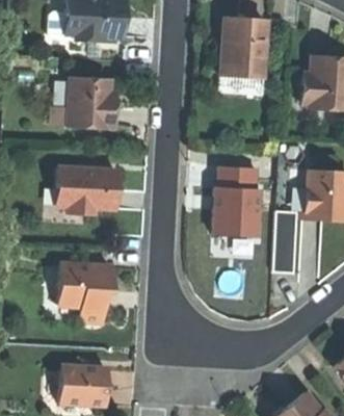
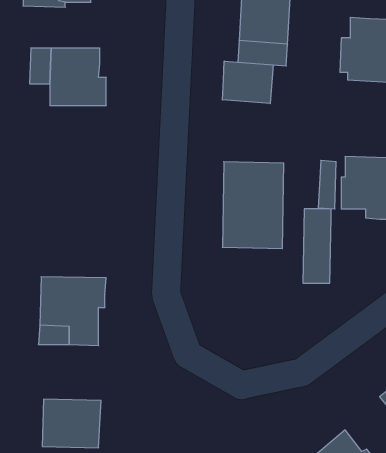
building: none -> [222,61,273,104]
building: [58,167,117,214] -> none

